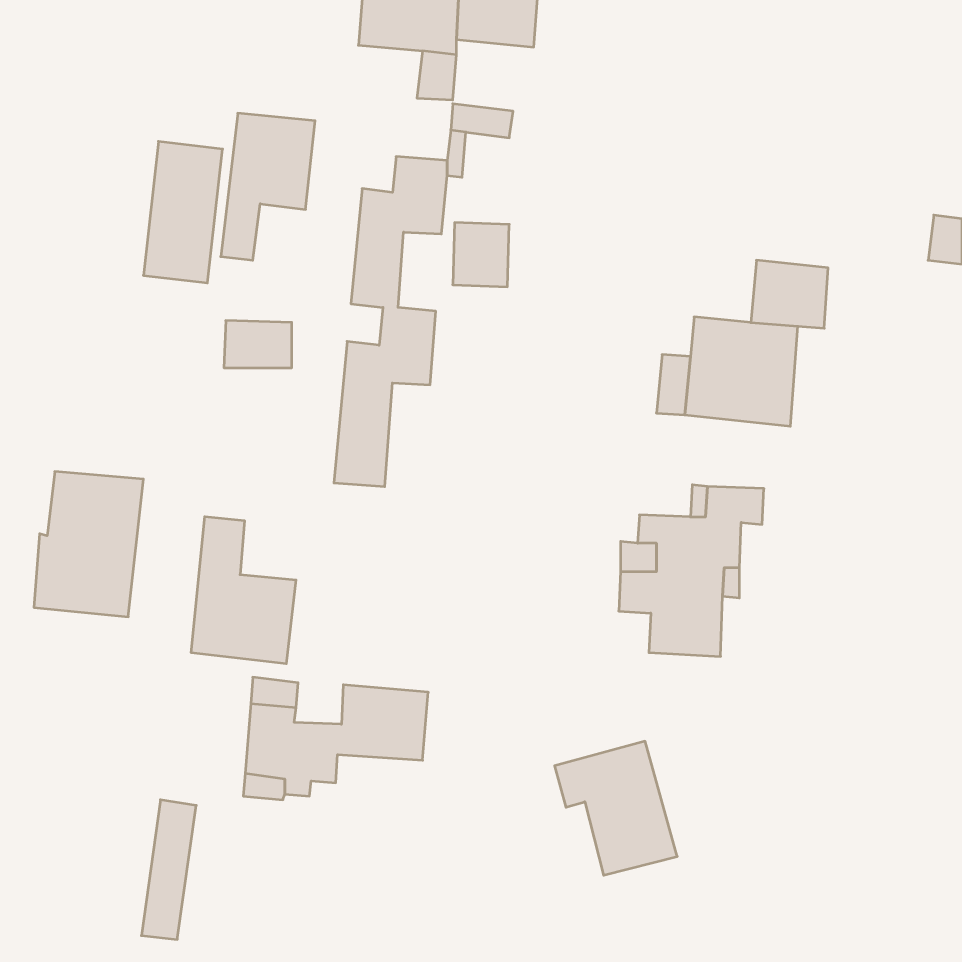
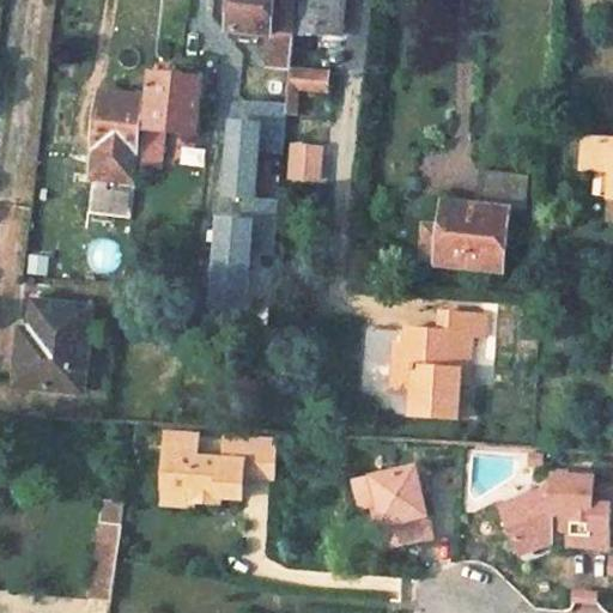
building: [224,321,292,368] -> [89,186,132,216]
building: [191,517,296,664] -> none
building: none -> [499,479,606,556]

